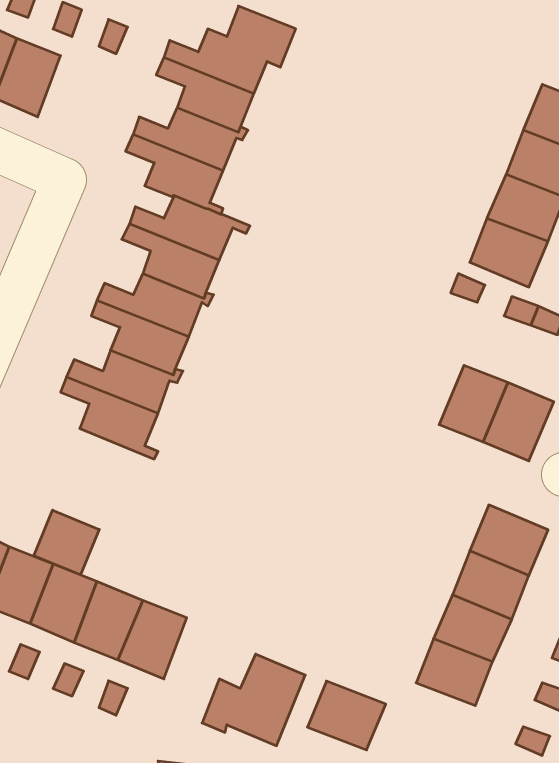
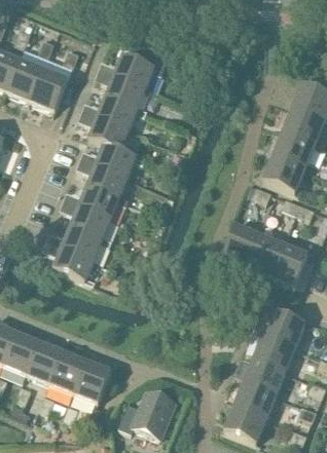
building: none -> [30,67,67,109]
building: none -> [221,223,259,265]
building: [34,510,99,575] -> none
building: [307,681,386,750] -> [223,404,265,441]

